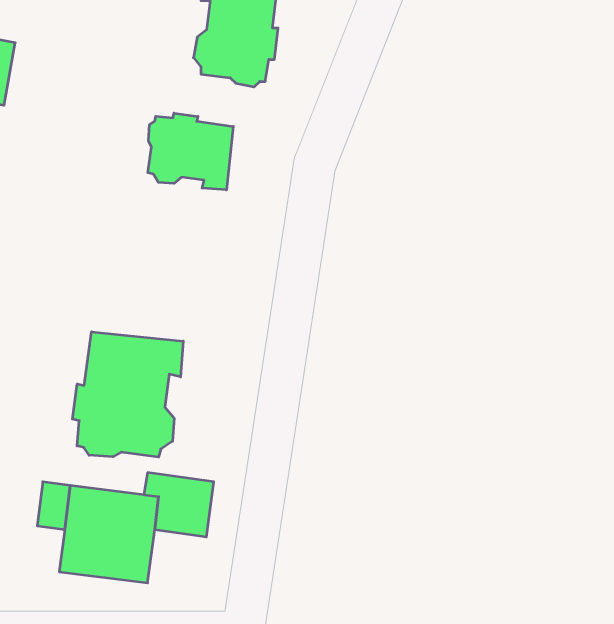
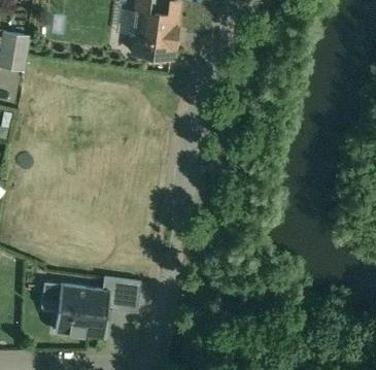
building: [148,113,233,190] -> none
building: [72,332,183,457] -> none

